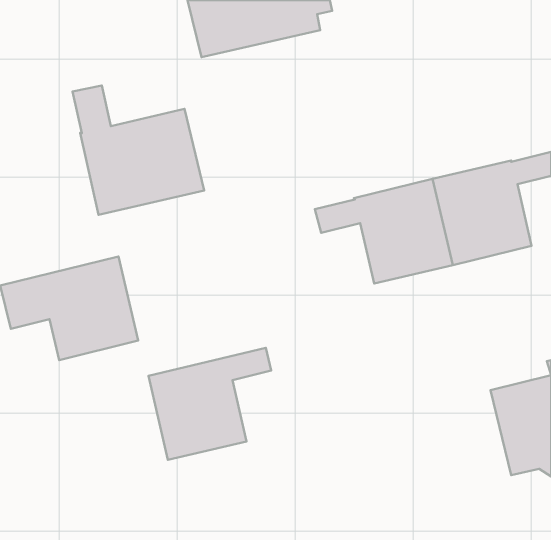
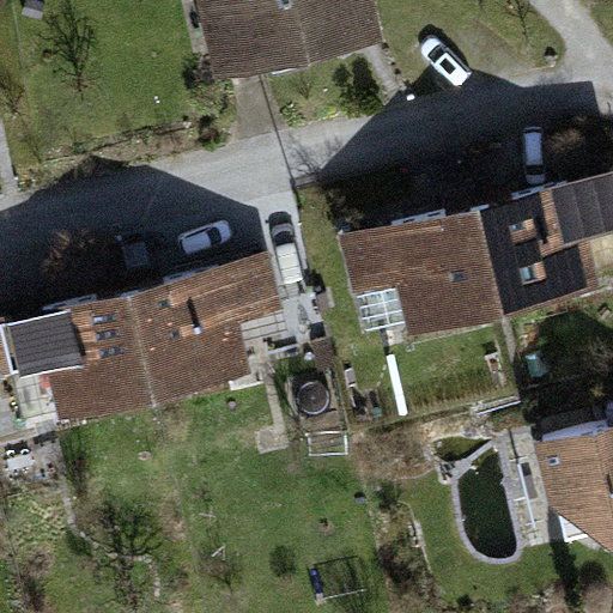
building: [72,86,204,215] -> none
building: [148,348,271,460] -> [132,266,268,390]

